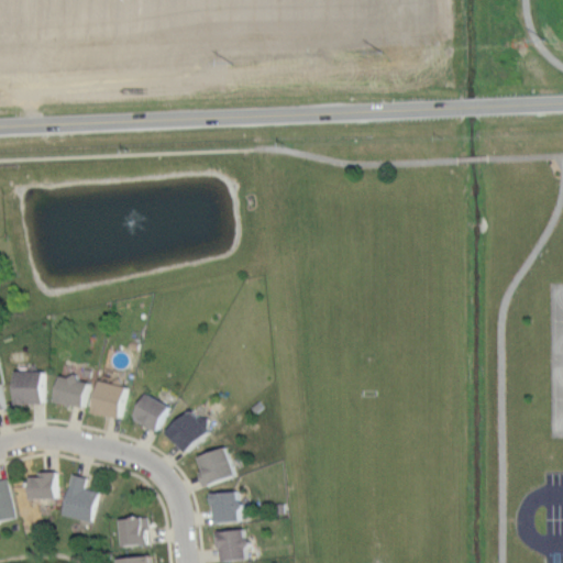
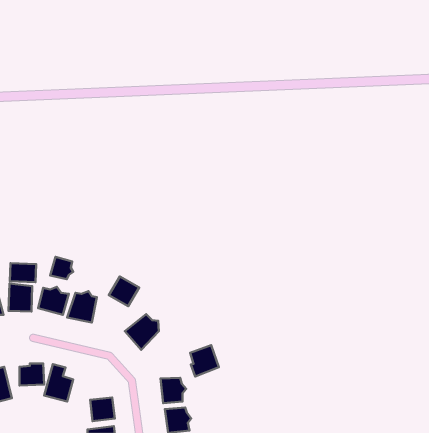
building: none -> [50,257,73,279]
building: none -> [10,263,36,282]
building: [129,393,168,431] -> [109,276,139,306]
building: [195,446,232,487] -> [190,345,219,377]

